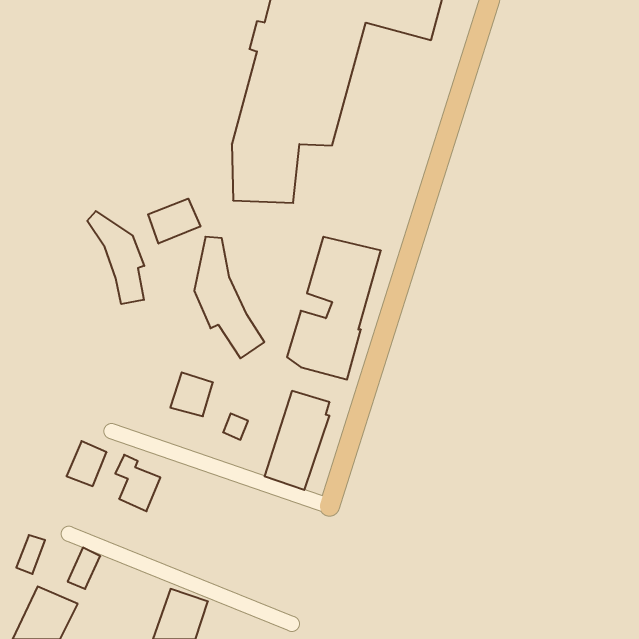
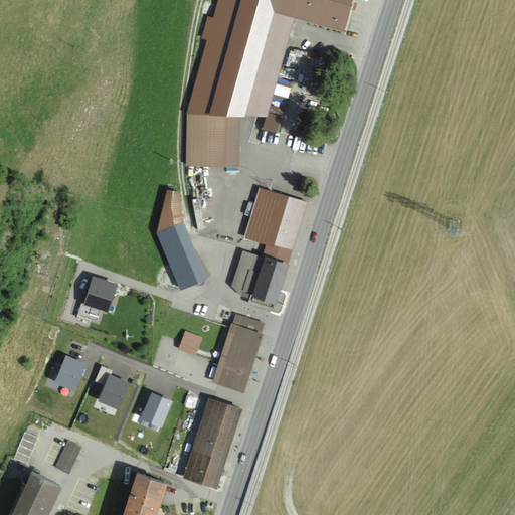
building: [148,199,200,244] -> none
building: [87,211,144,304] -> none
building: [170,372,213,416] -> [81,276,116,311]
building: none -> [139,391,173,428]
building: none -> [183,398,242,489]

